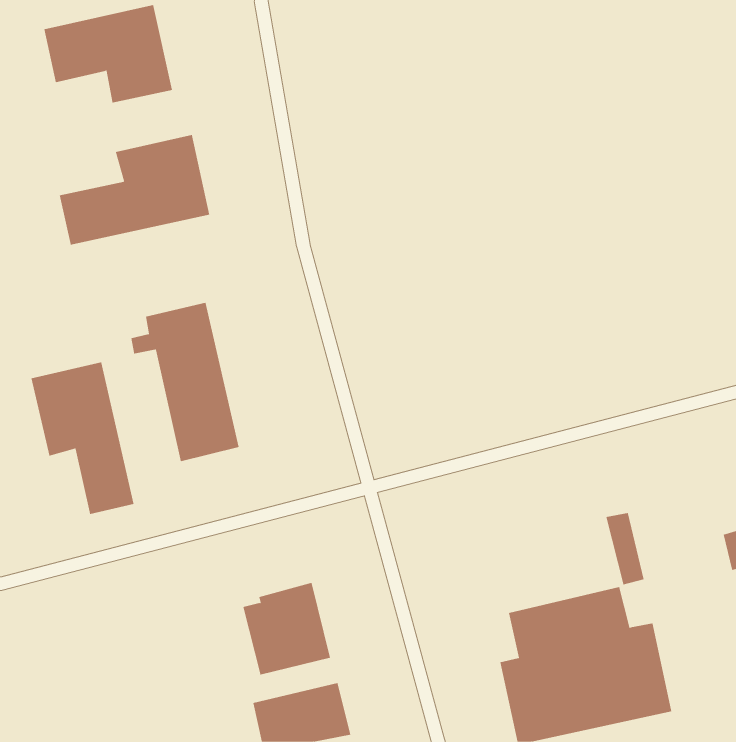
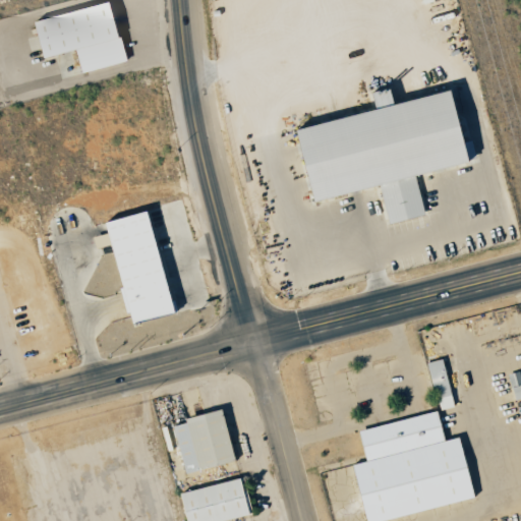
building: none -> [295,91,465,223]
building: [59,134,210,245] -> none
building: [31,362,134,515] -> none

